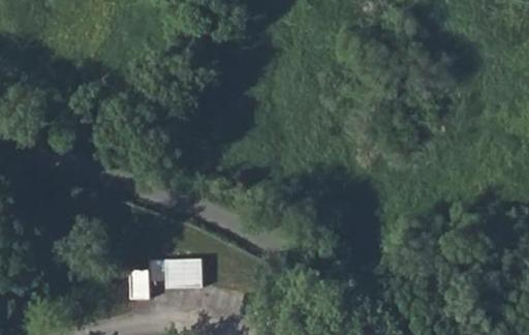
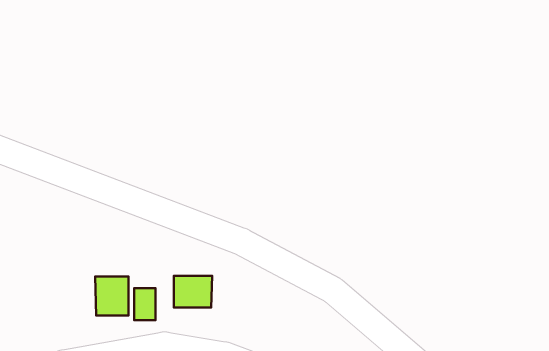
building: none -> [95,277,129,316]

